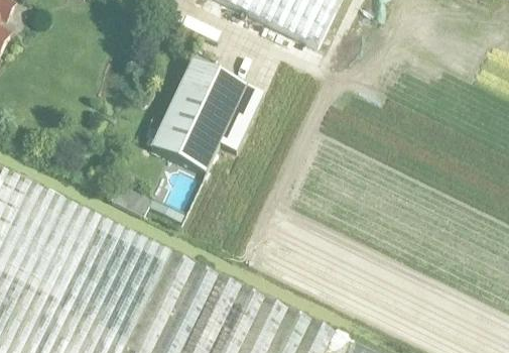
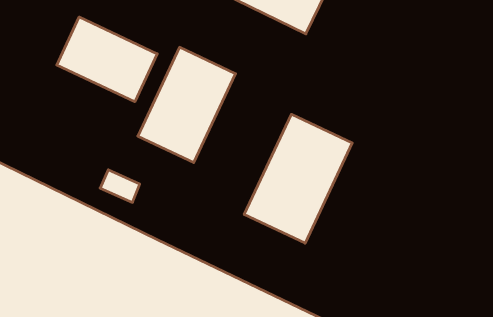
building: none -> [57,17,157,102]
building: none -> [244,114,352,243]

